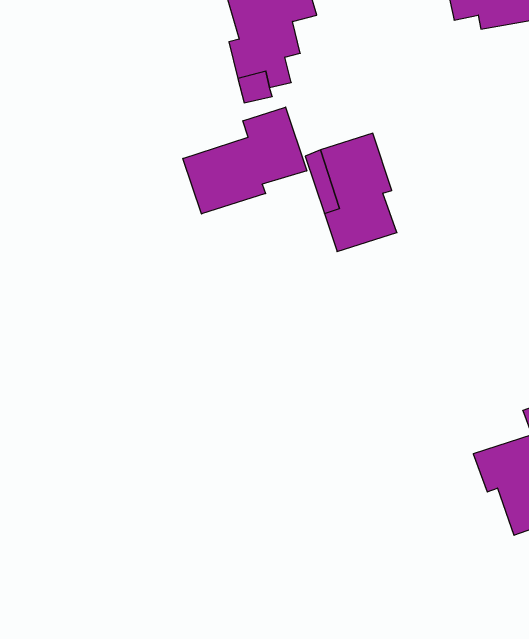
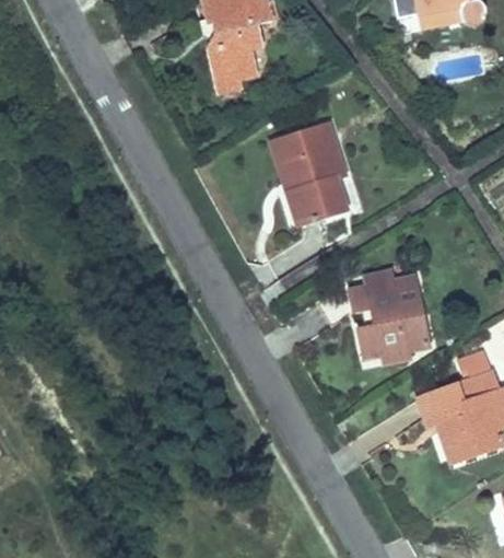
building: [183,107,307,214] -> none
building: none -> [351,266,430,358]

